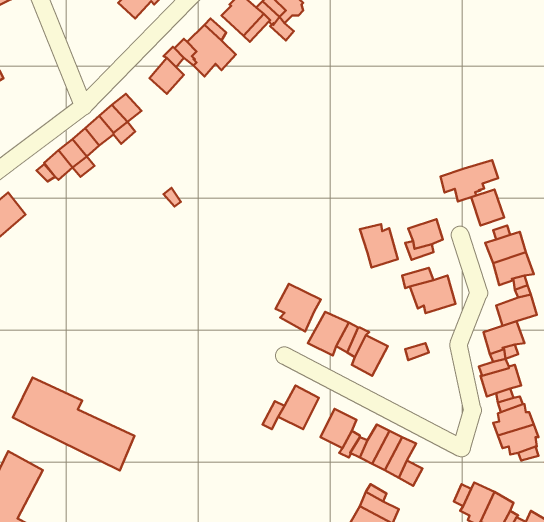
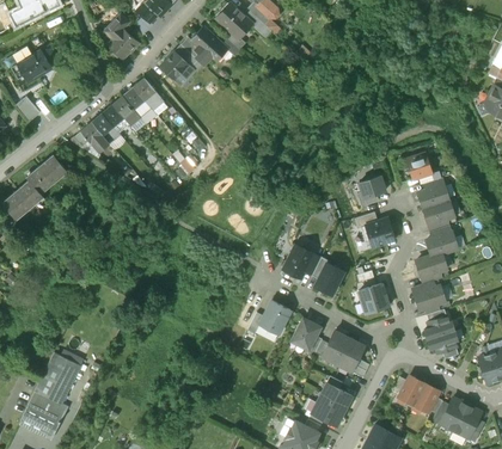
building: none -> [103,13,139,59]
building: [441,160,498,202] -> none
building: [360,224,398,268] -> none
building: [275,284,321,331] -> none
building: none -> [357,283,388,314]
building: [13,378,134,470] -> none

